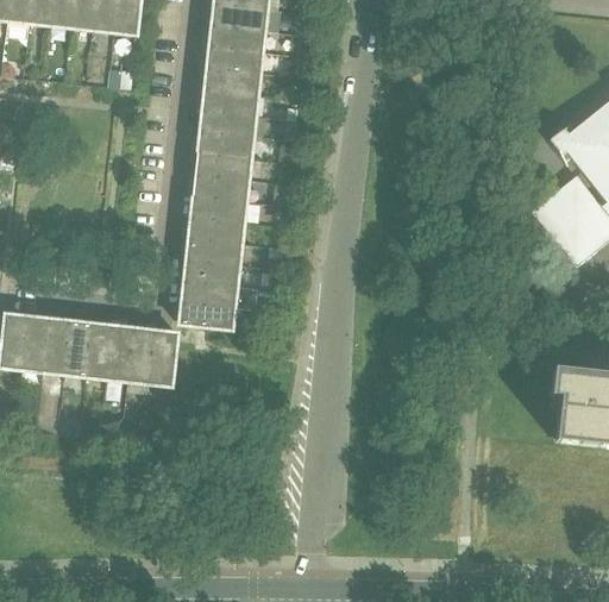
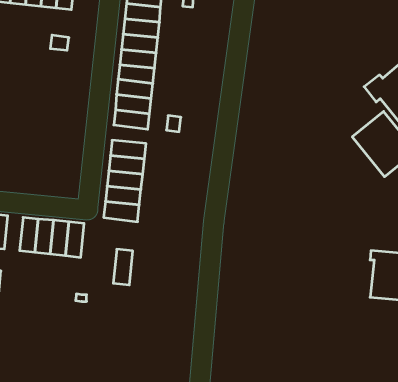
building: [194,194,244,220] -> none
building: [43,321,69,370] -> none
building: [150,332,177,382] -> [113,249,133,285]

